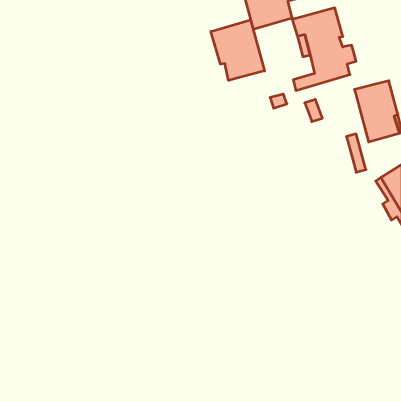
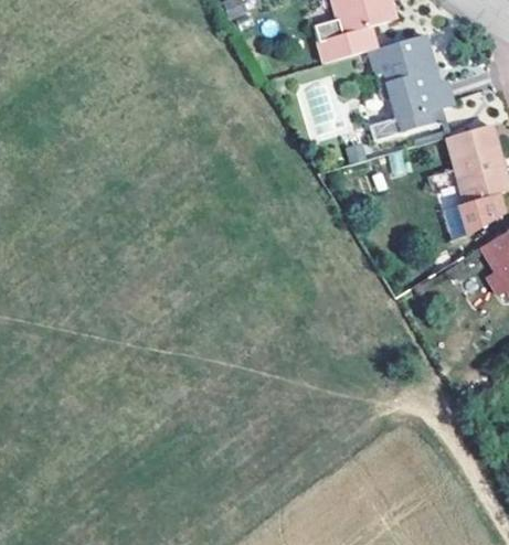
building: [211,20,265,80] -> none
building: none -> [459,193,502,235]

